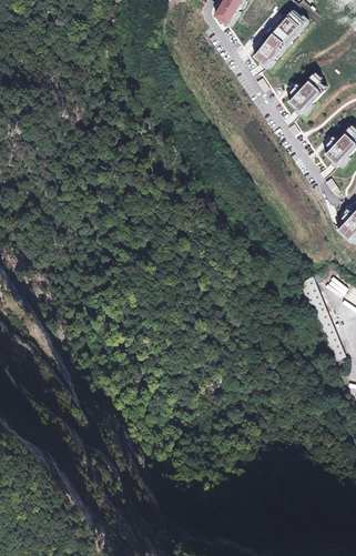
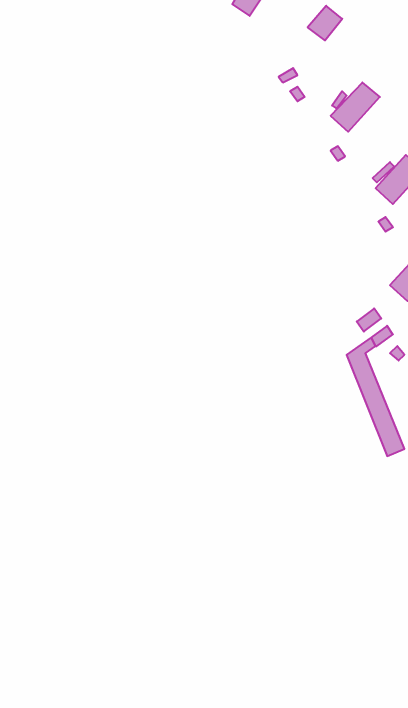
building: [255,31,285,64] -> none

